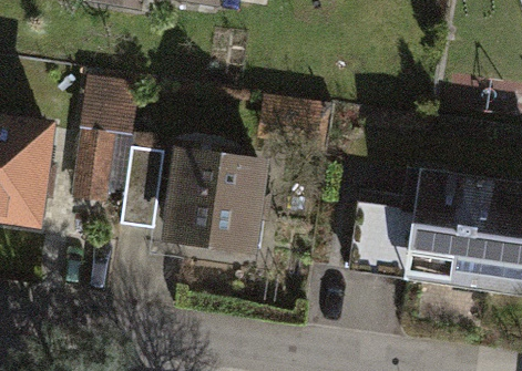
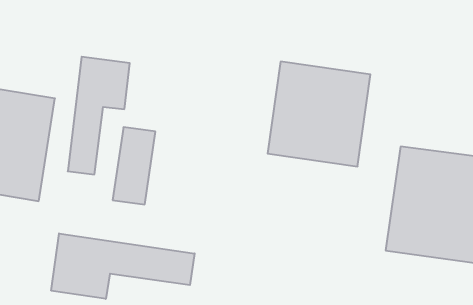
building: [163,145,269,254] -> [268,62,370,166]
building: none -> [51,233,195,299]

